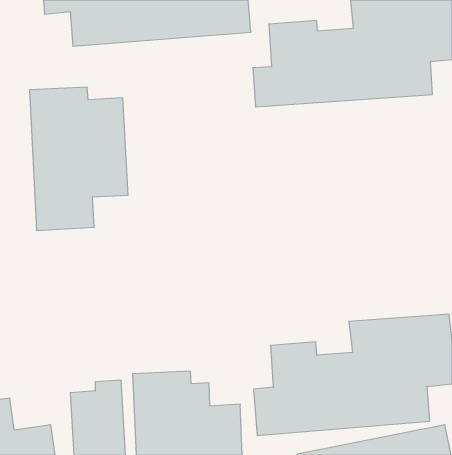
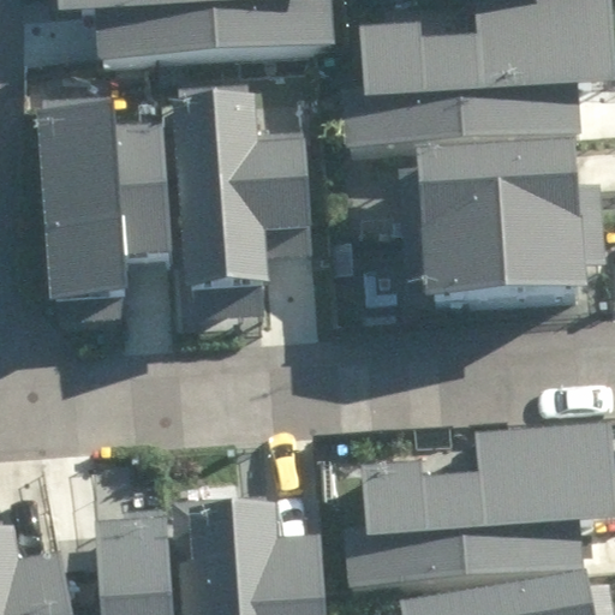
building: none -> [175,106,315,299]
building: none -> [416,153,587,308]

